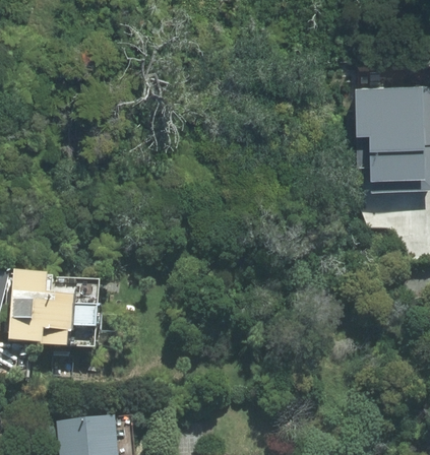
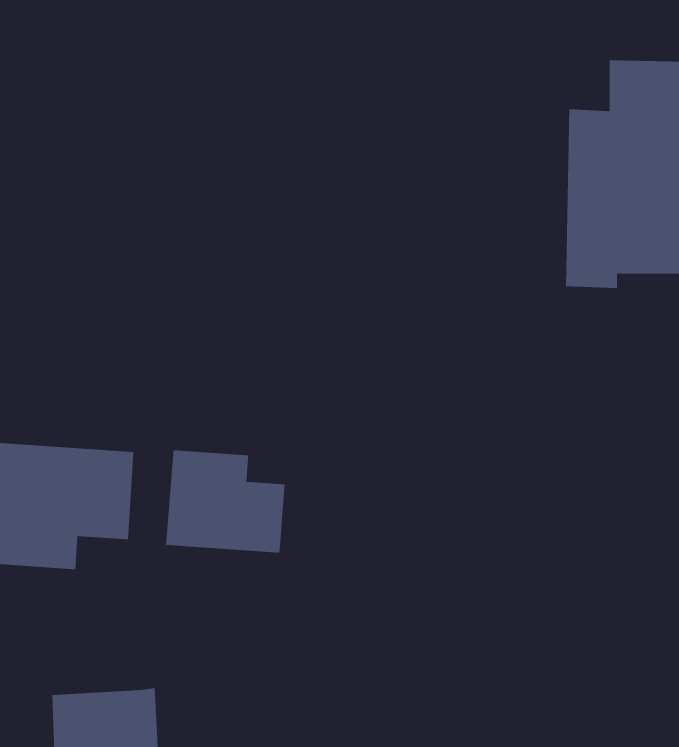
building: none -> [166,450,285,553]

